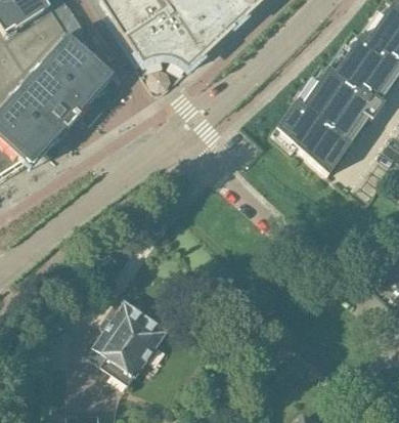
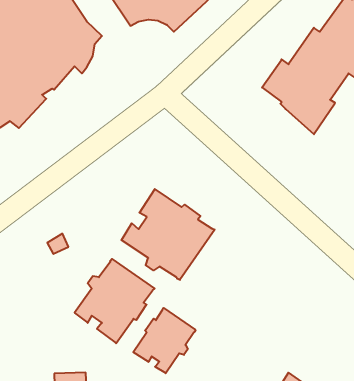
building: none -> [121,189,215,280]
building: none -> [133,308,195,373]

